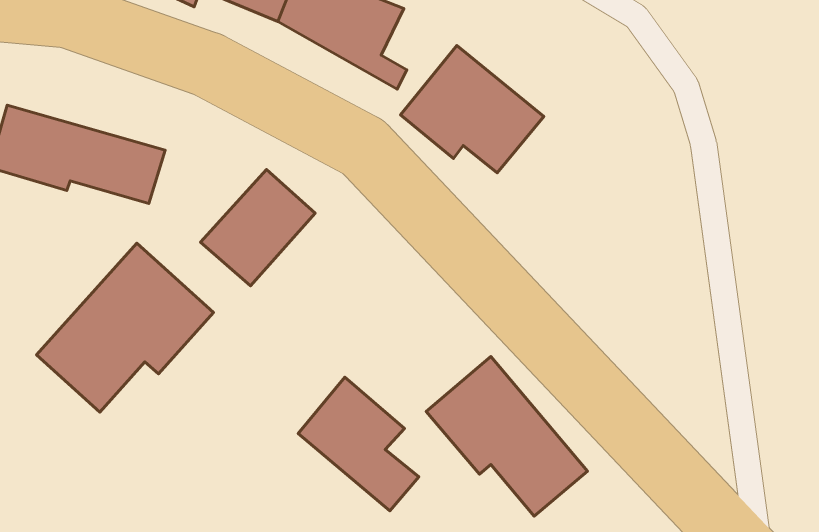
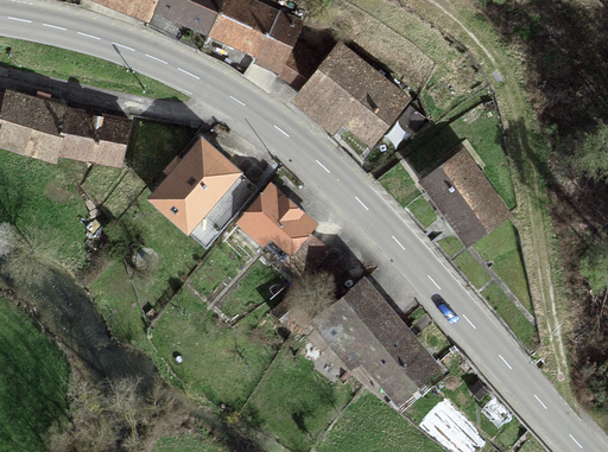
building: none -> [422,153,507,243]
building: [36,243,214,412] -> none
building: [298,377,419,511] -> [239,182,328,280]

